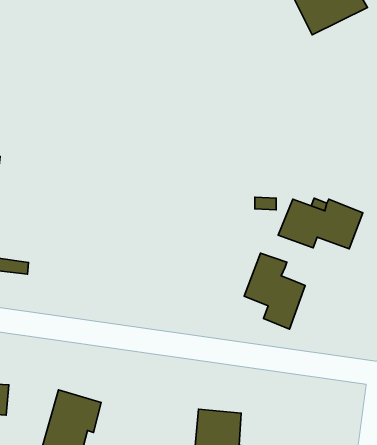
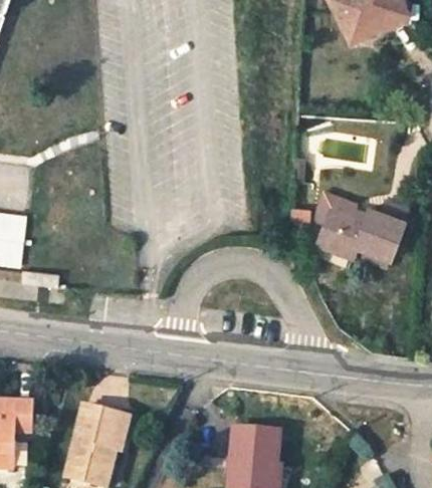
building: [244,253,305,329] -> none

